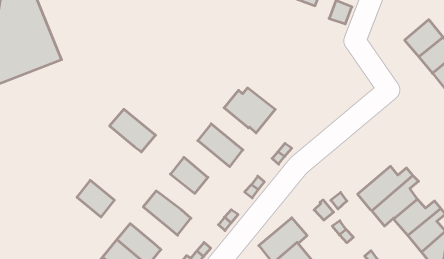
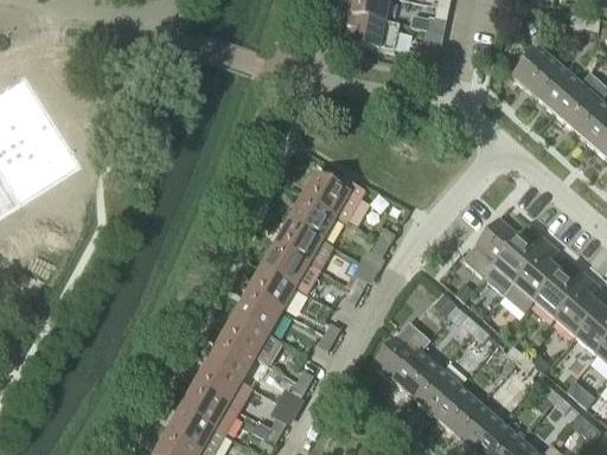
building: none -> [288,197,336,239]
building: [110,109,156,152] -> [261,243,320,293]
building: none -> [462,217,520,277]
building: none -> [234,290,282,333]
building: [77,180,114,217] -> [207,337,255,380]

